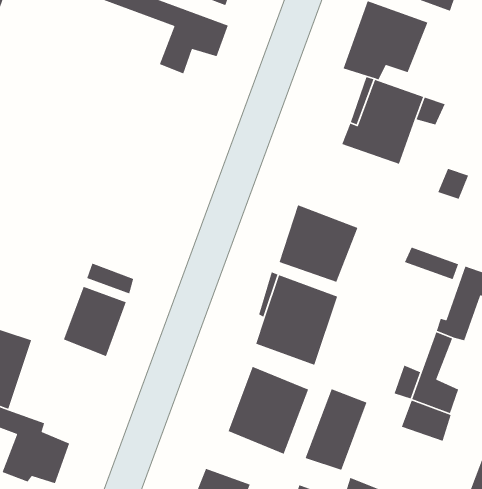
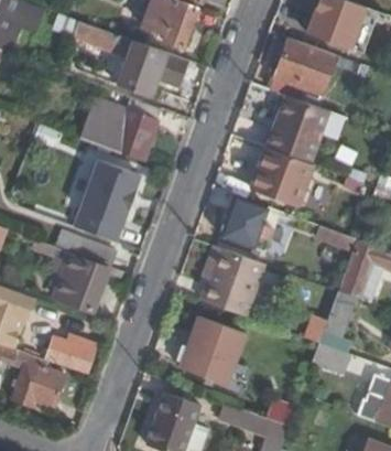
building: none -> [68,92,161,160]
building: none -> [253,150,313,207]
building: none -> [74,158,140,241]
building: none -> [44,333,97,372]
building: [305,388,367,471] -> none

